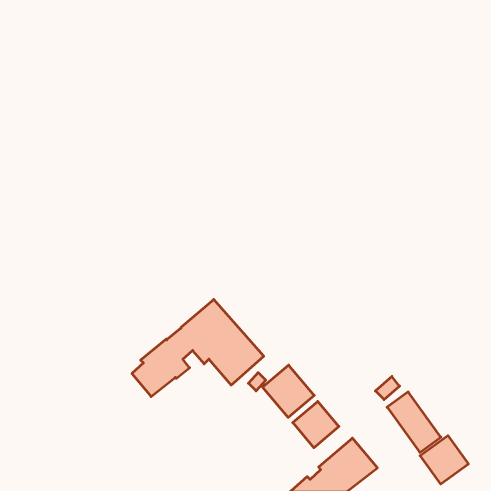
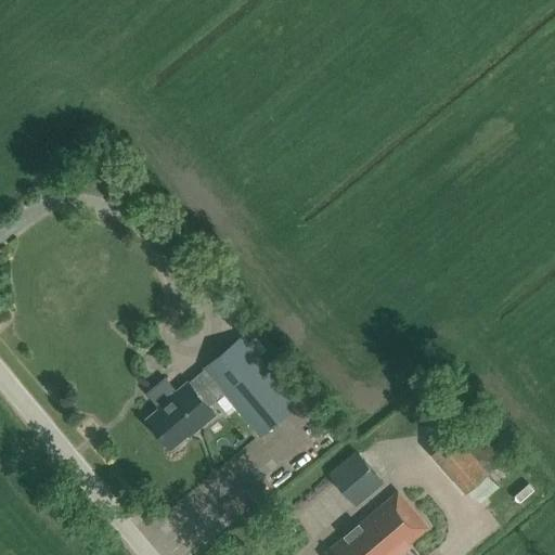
building: [263,365,314,417] -> none
building: [420,436,468,484] -> none

